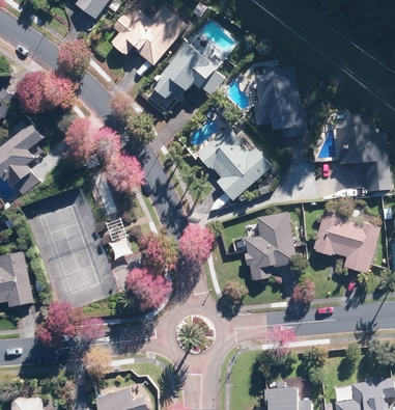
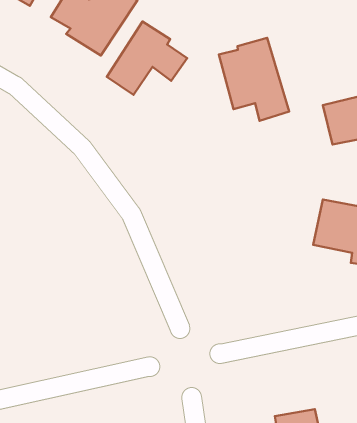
building: [195,127,265,199] -> none
building: [243,213,297,280] -> none

